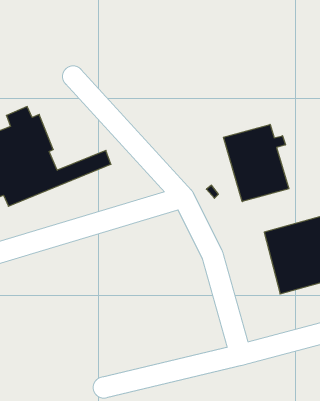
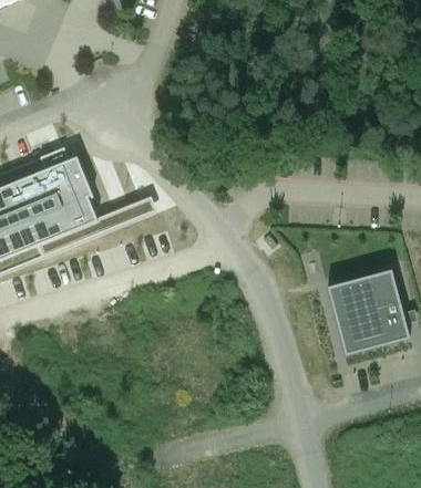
building: [224,124,289,202] -> none

